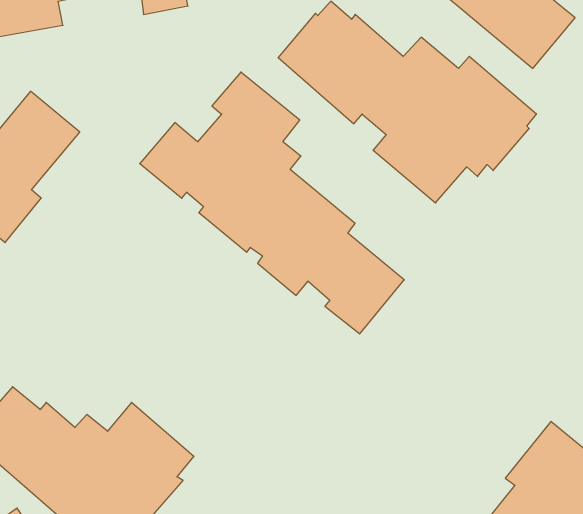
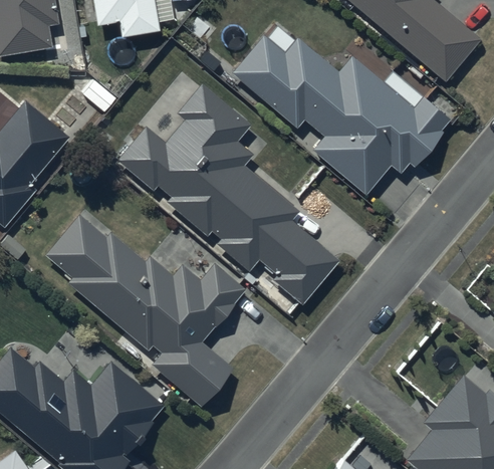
building: none -> [47,214,247,406]

